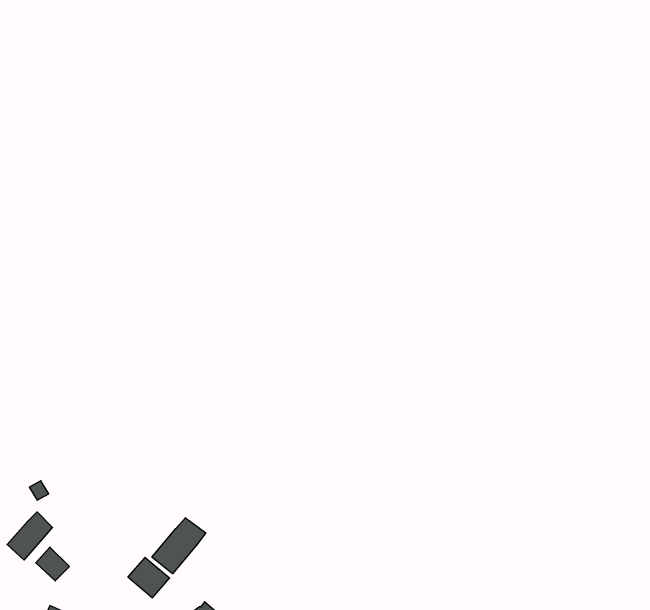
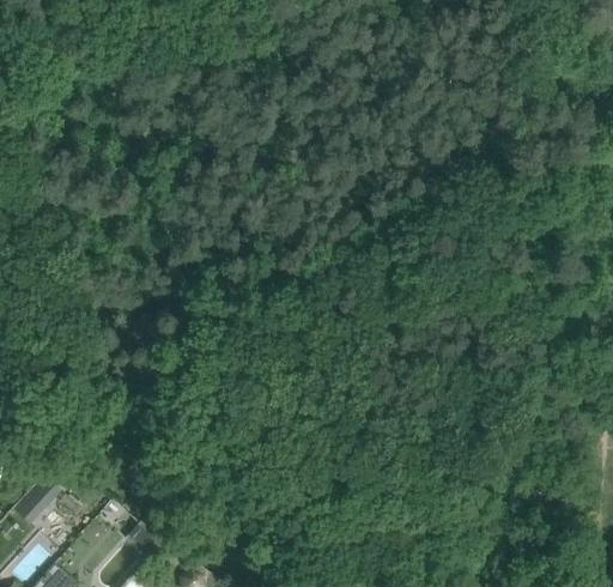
building: [152,518,206,574] -> none

